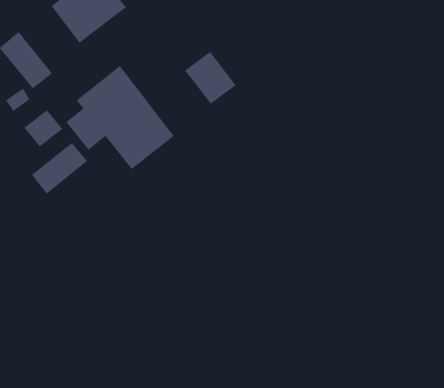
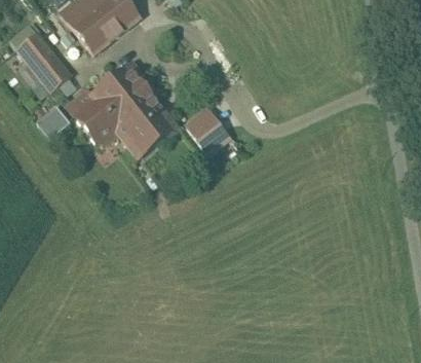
building: [184,51,237,105] -> [184,107,231,155]
building: [31,142,88,195] -> none

